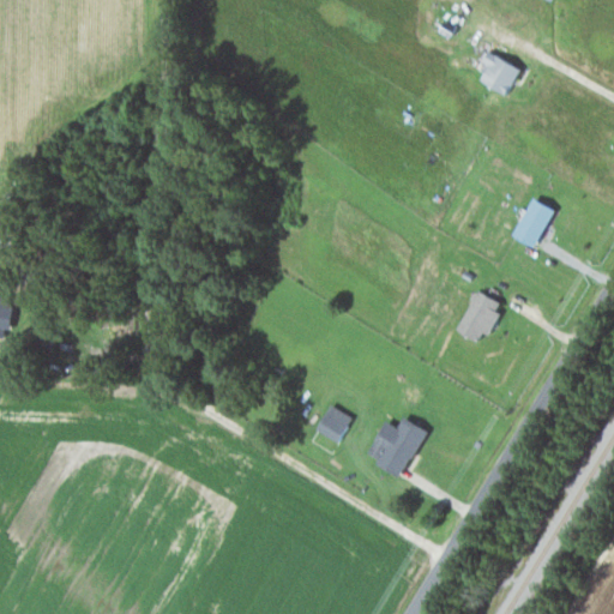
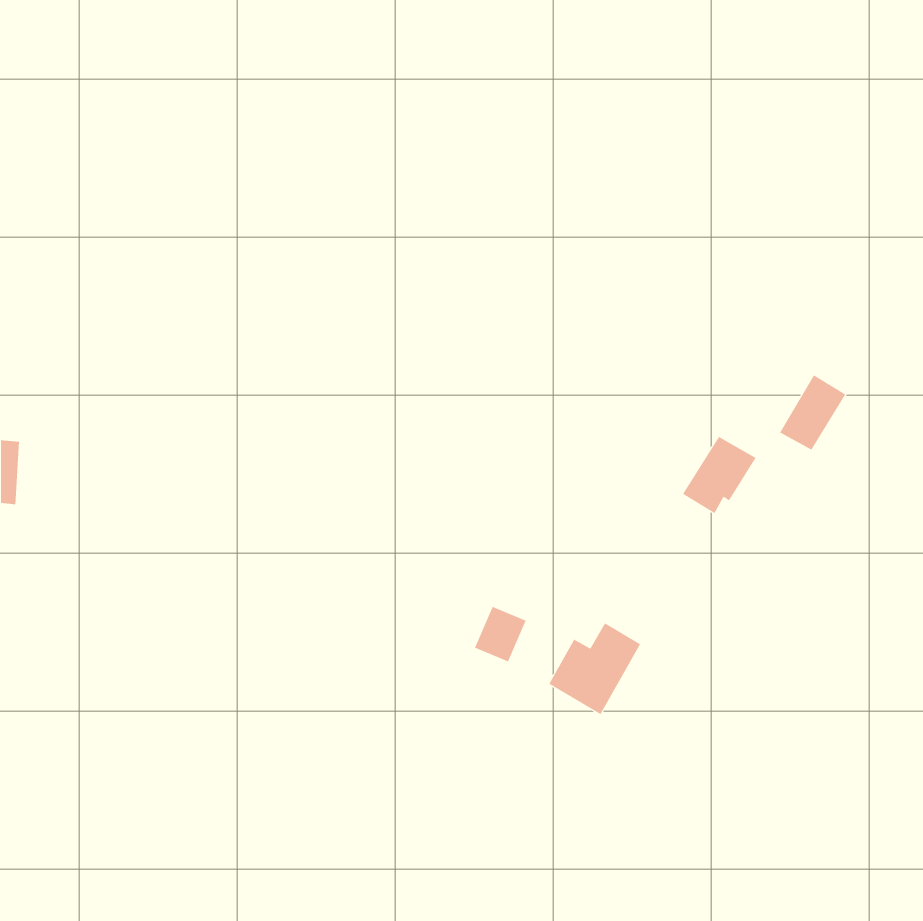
building: [474,52,518,96] -> none
building: [510,198,554,248] -> [779,375,846,451]

